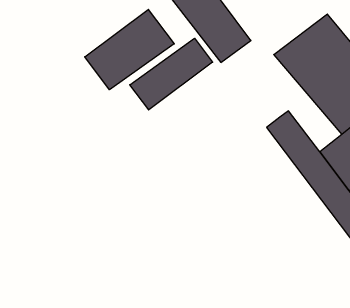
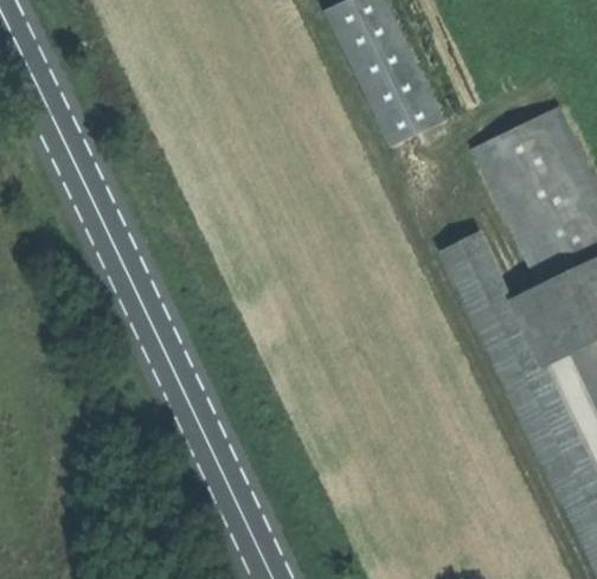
building: [85,9,174,90] -> none
building: [130,38,213,110] -> none

